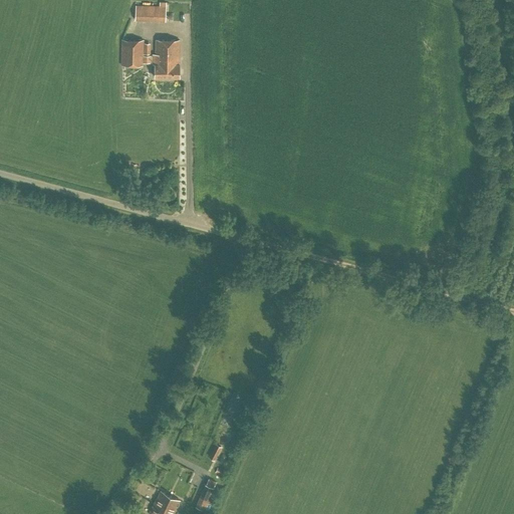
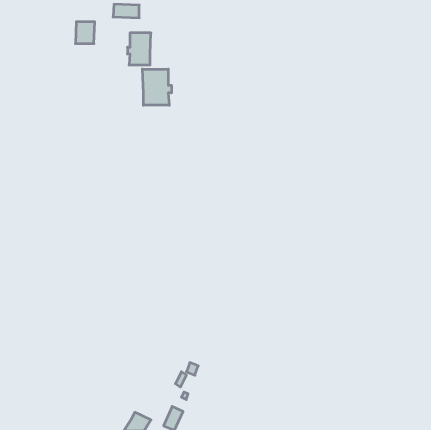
building: [120,40,144,66] -> [75,22,95,44]
building: none -> [142,69,171,105]

